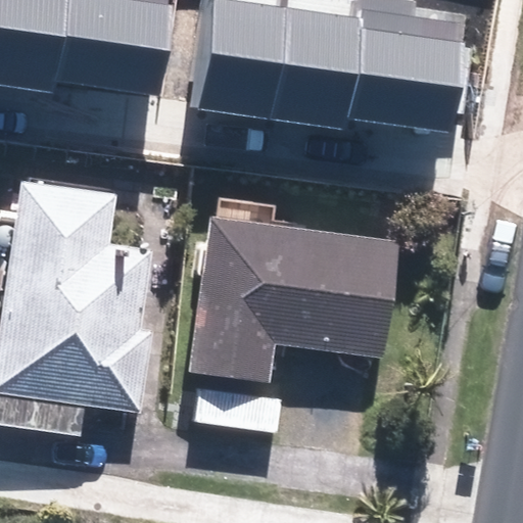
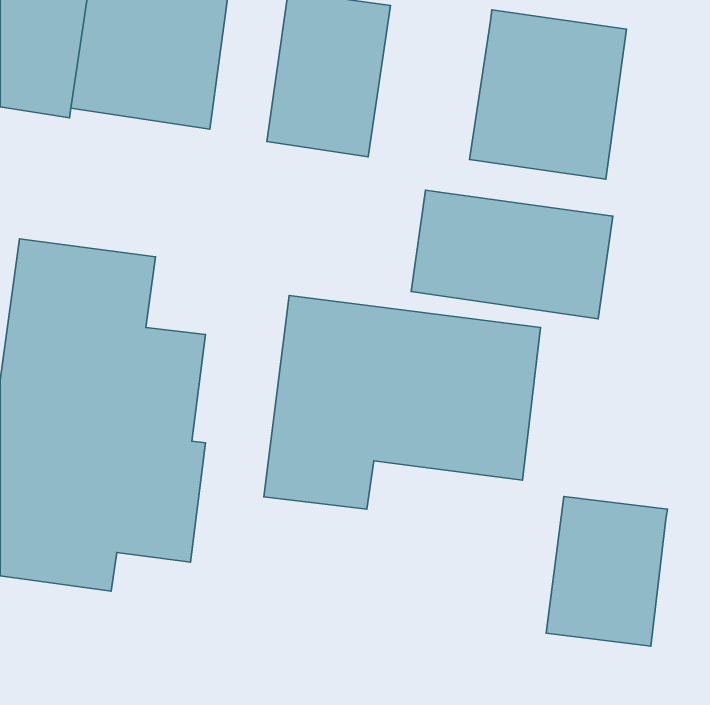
building: [271,4,361,126] -> none
building: none -> [411,190,613,319]
building: none -> [546,497,667,646]

